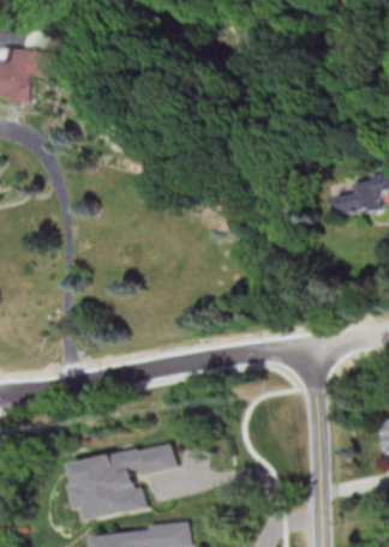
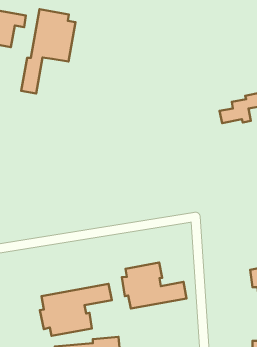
building: none -> [21,9,75,93]
building: none -> [122,262,186,309]

